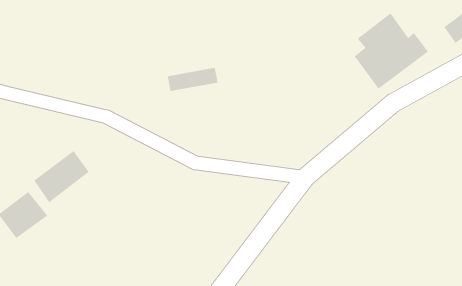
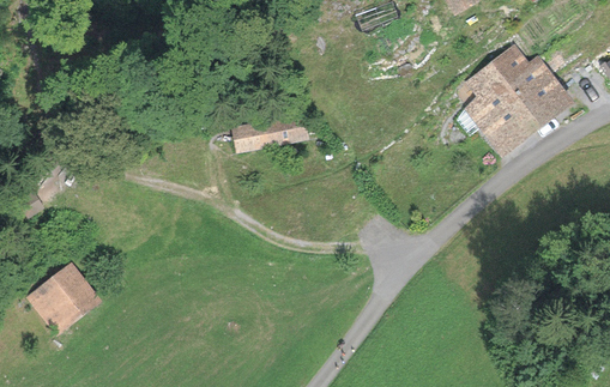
building: [33,150,90,203] -> none

